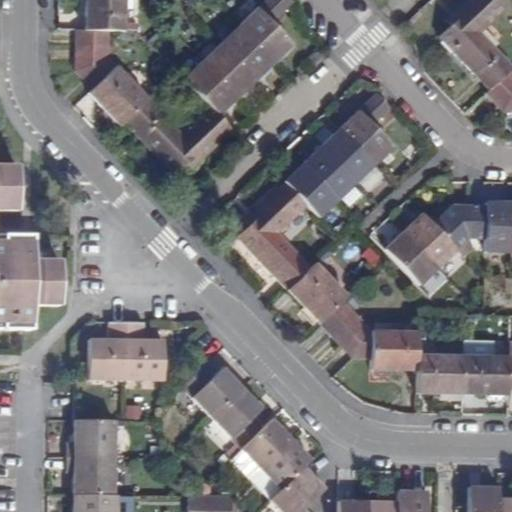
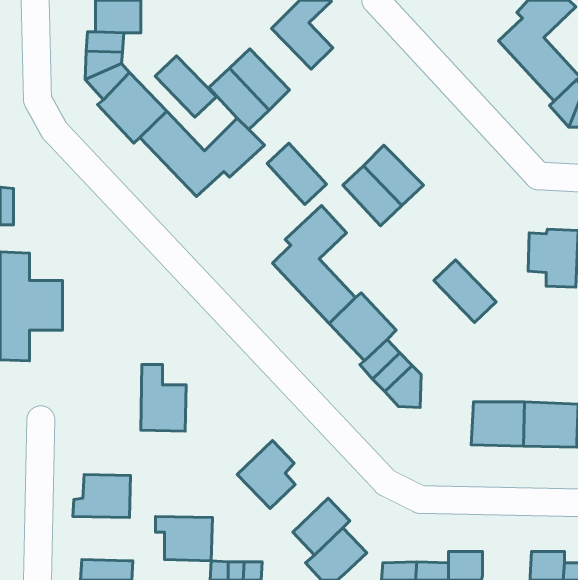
building: [222,25,276,79] -> [155,56,216,117]
building: [340,94,392,163] -> none
building: [285,163,337,217] -> [267,143,326,204]
building: [403,205,468,266] -> none
building: [90,321,127,379] -> none
building: [372,330,419,371] -> none
building: [182,365,242,418] -> none
building: [240,418,291,469] -> none
building: [66,455,116,494] -> [156,516,212,561]

